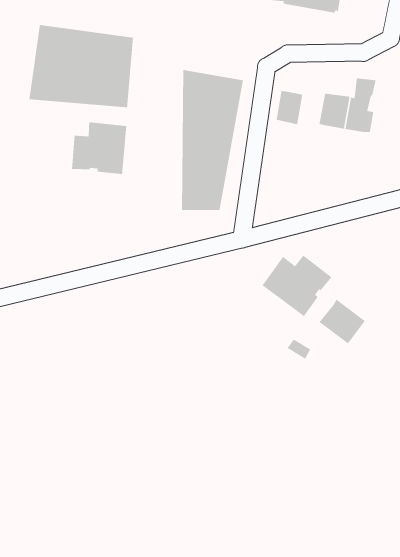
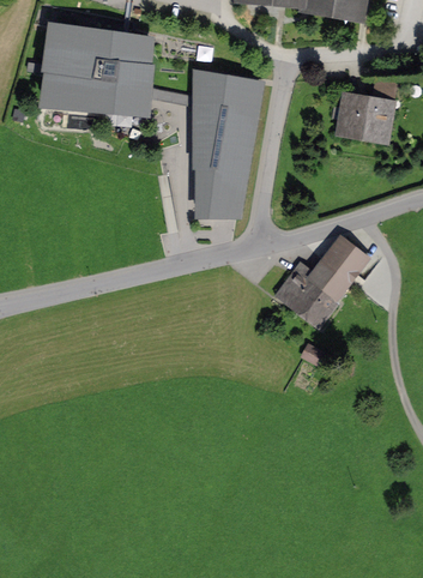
building: [276,90,303,125] -> none
building: [71,122,127,175] -> none
building: [319,299,366,345] -> [321,237,369,284]

